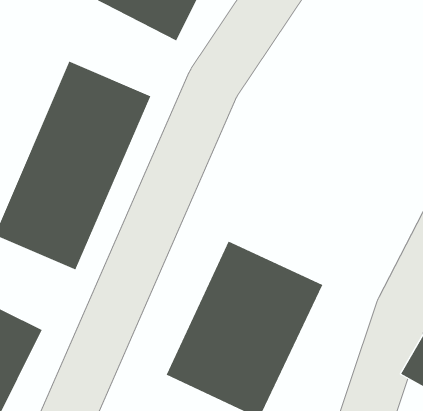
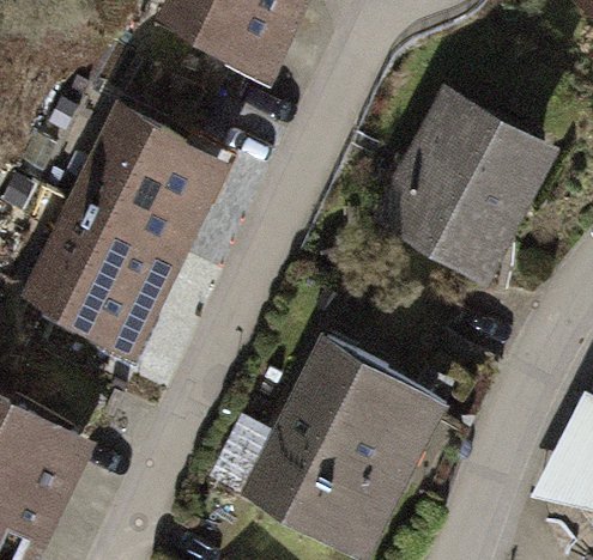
building: none -> [375,101,549,285]

